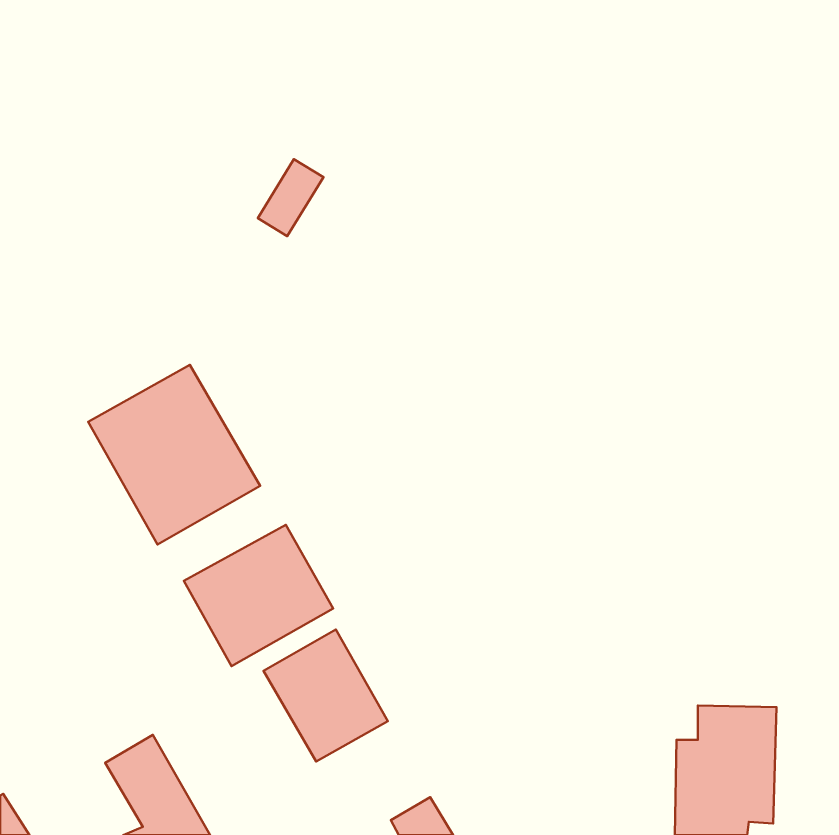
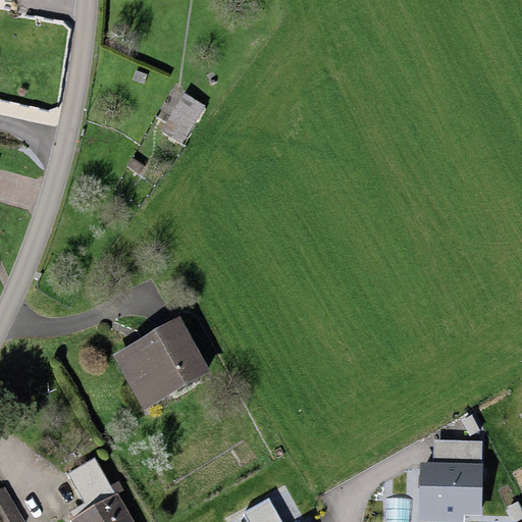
building: [88,365,260,545] -> none
building: [264,630,388,761] -> none

